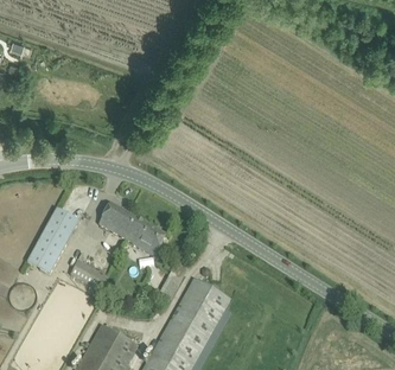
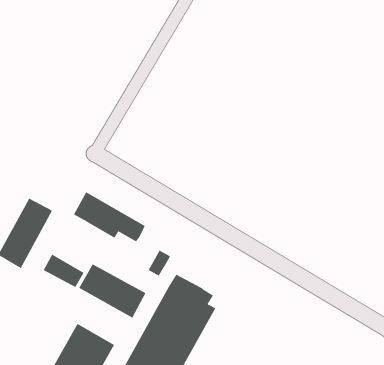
building: none -> [78,263,146,318]

